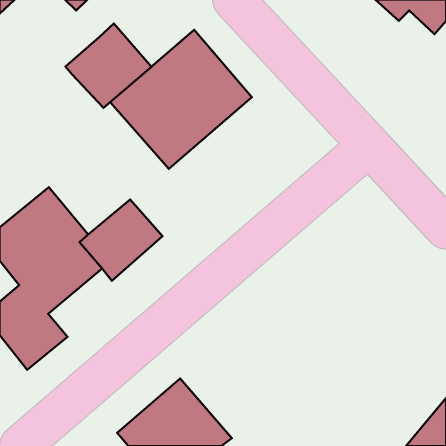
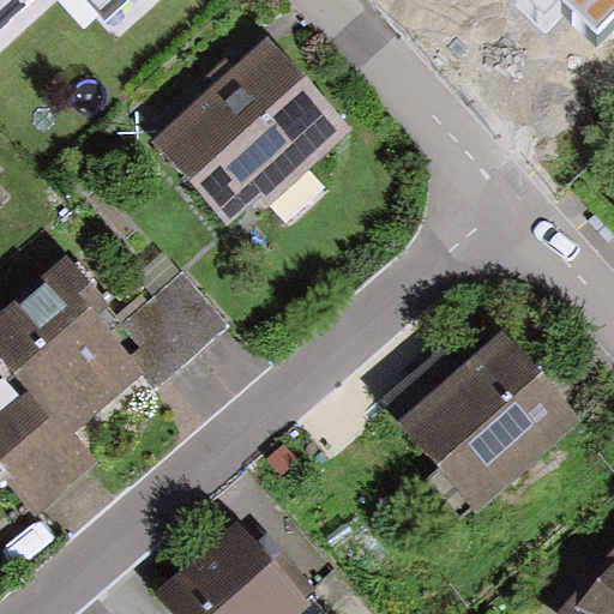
building: [66,23,151,108] -> none
building: none -> [395,327,582,513]

